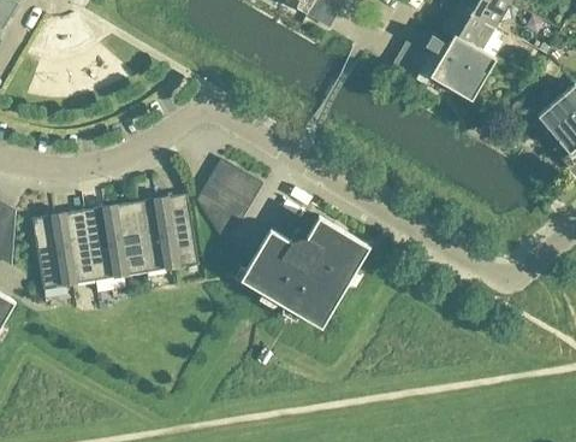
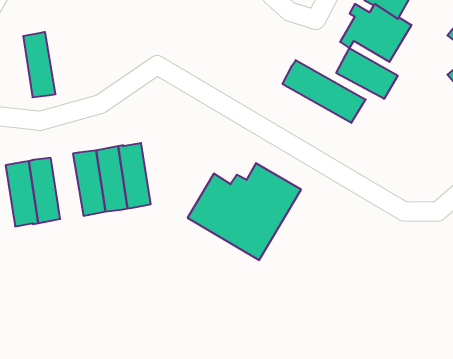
building: none -> [336,48,398,99]
building: none -> [283,60,366,123]
building: [195,169,260,244] -> none
building: [84,206,121,281] -> [23,32,56,97]

